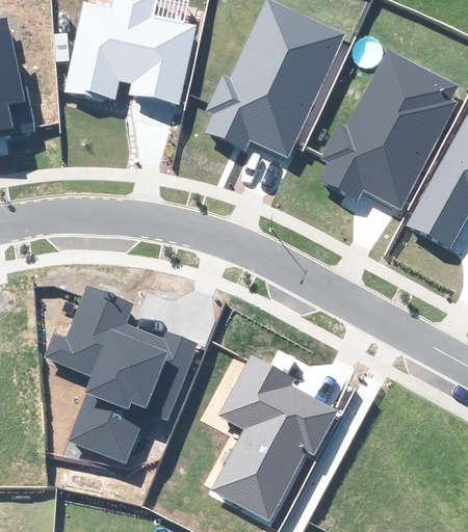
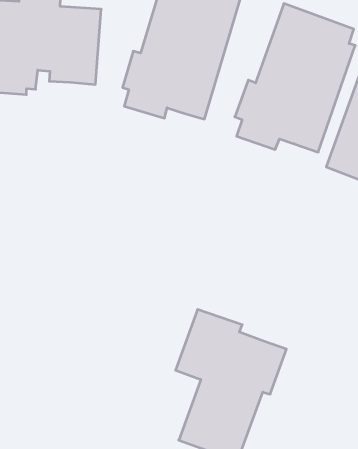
building: [44,287,197,466] -> none

